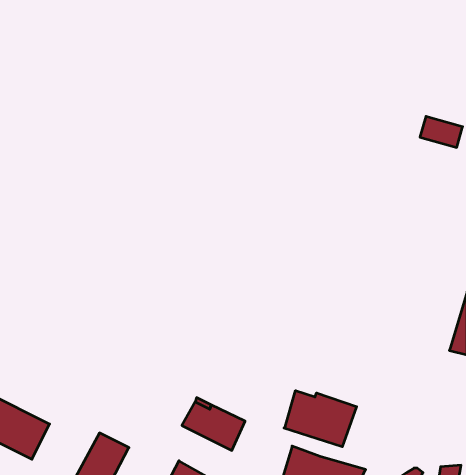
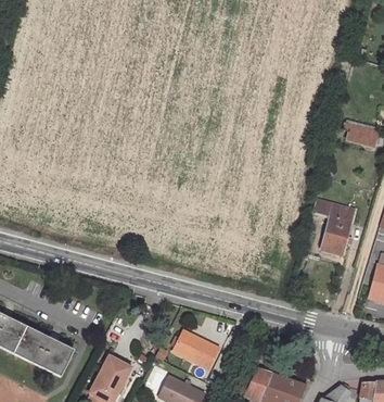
building: none -> [315,199,354,254]
building: [284,391,357,447] -> none

